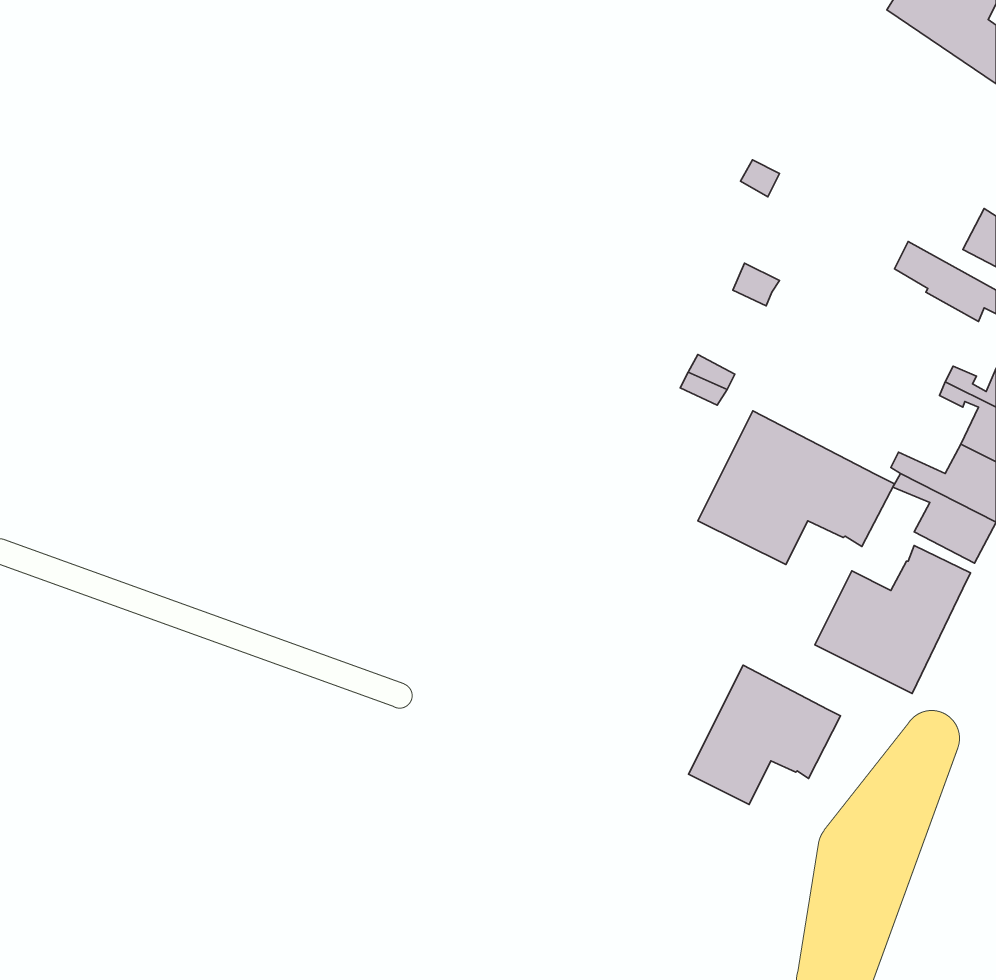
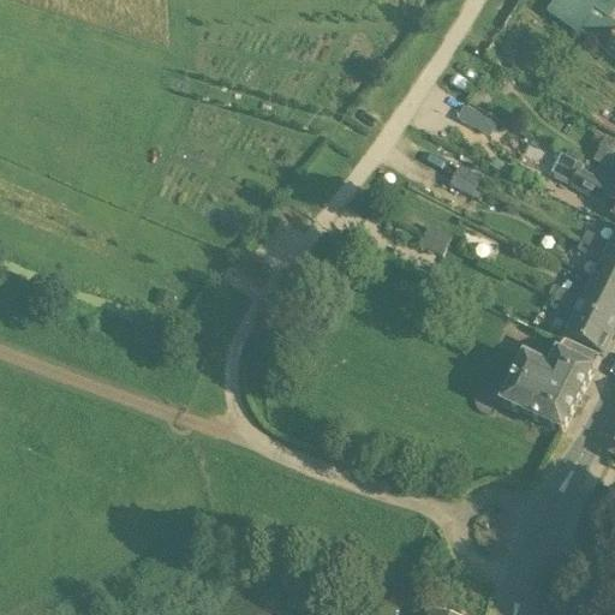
building: [698,411,894,565] -> none
building: [688,665,841,805] -> none

